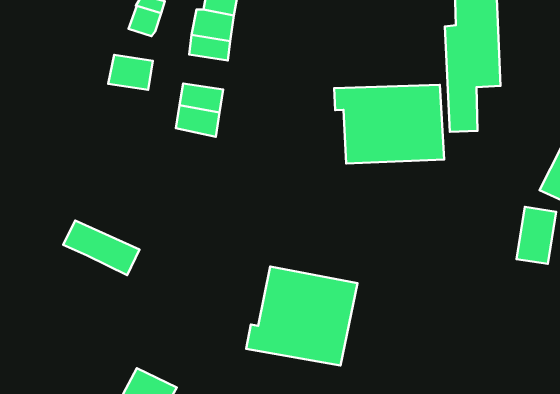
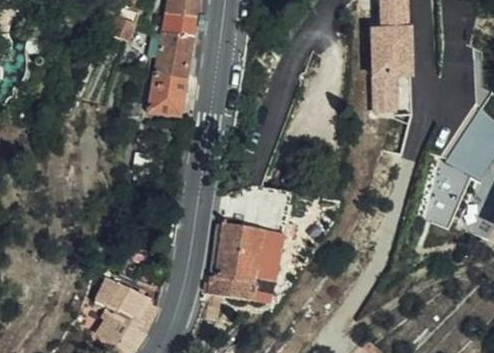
building: [108,55,153,90] -> [153,48,190,77]
building: [334,85,444,164] -> none
building: [63,221,139,275] -> [94,279,158,324]

